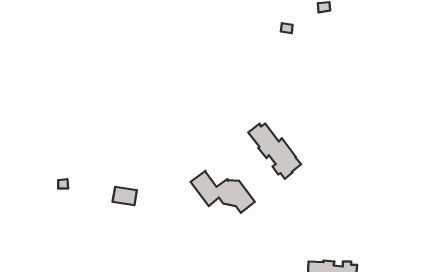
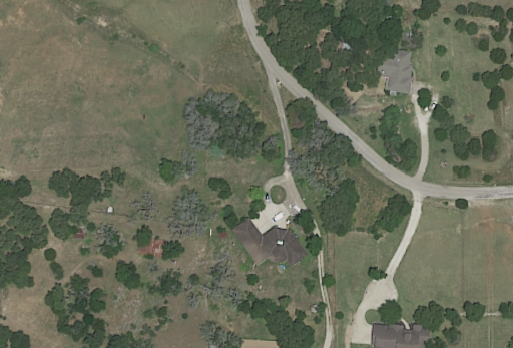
building: none -> [375,48,412,94]
building: [248,124,301,179] -> none

